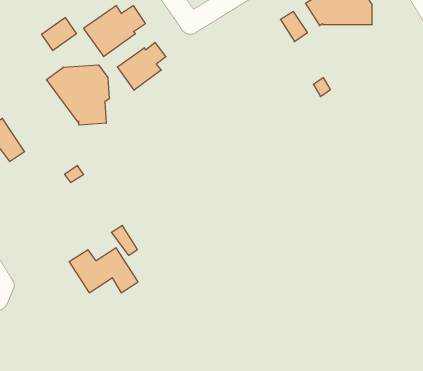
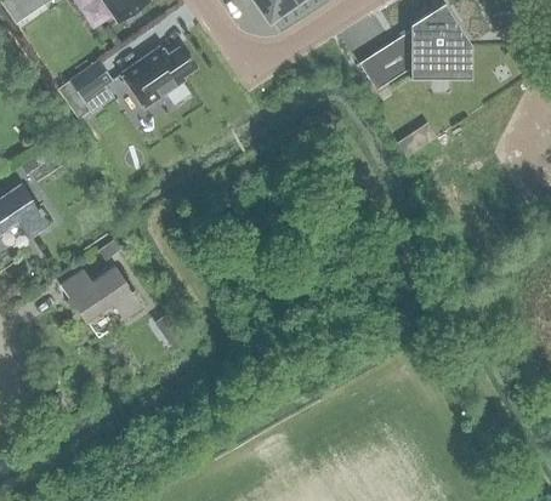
building: [117,42,166,90] -> none
building: [47,65,109,125] -> none
building: [69,248,138,293] -> [59,268,143,323]

